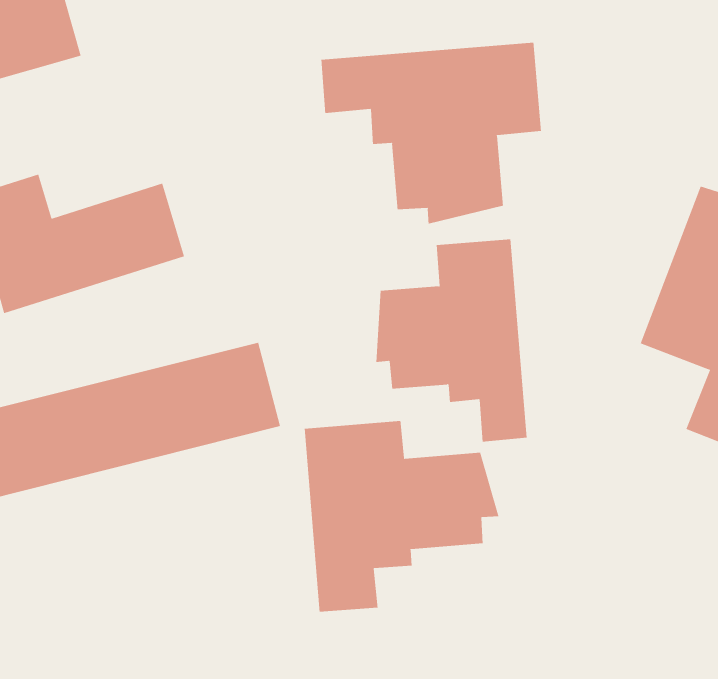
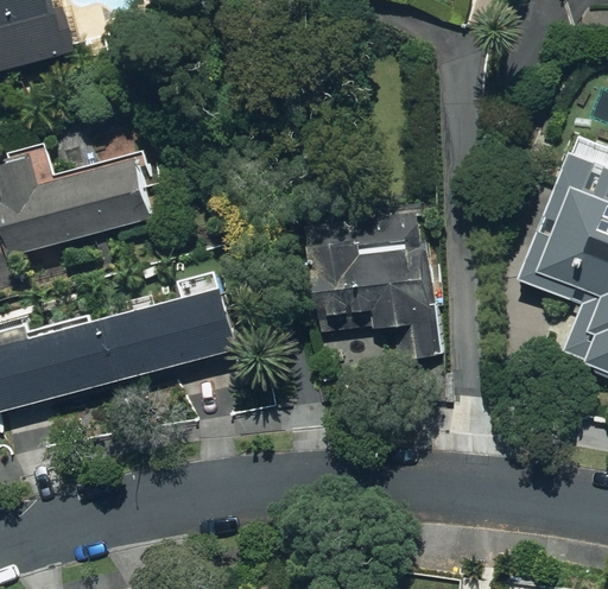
building: [321,42,541,225] -> none
building: [304,420,499,612] -> none

